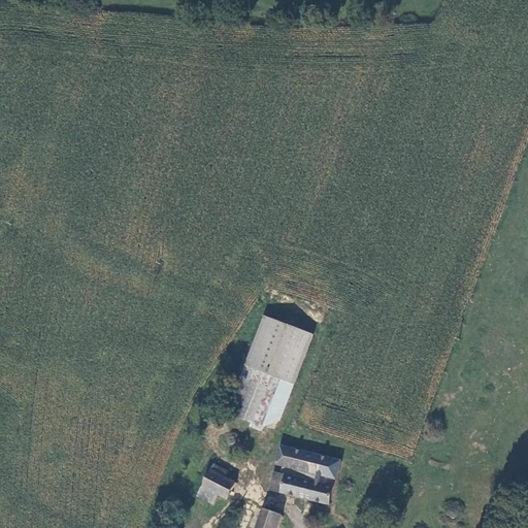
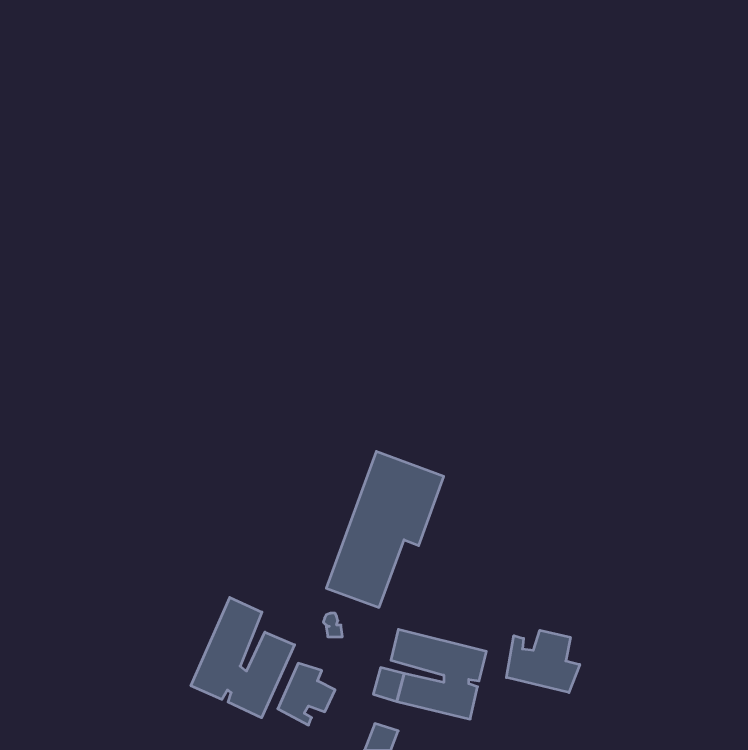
building: none -> [191,597,295,718]
building: none -> [506,630,580,693]

